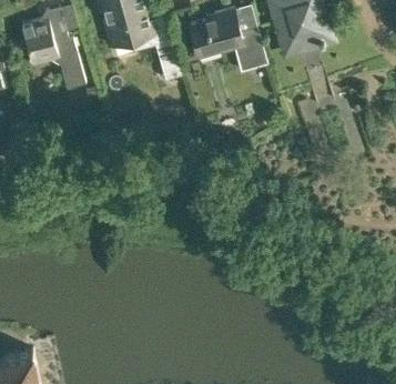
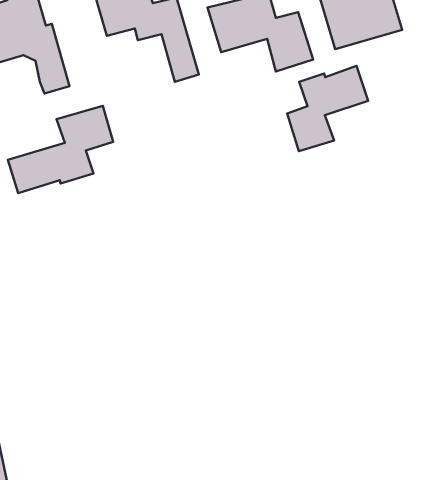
building: none -> [287,66,368,151]
building: none -> [8,106,113,193]

